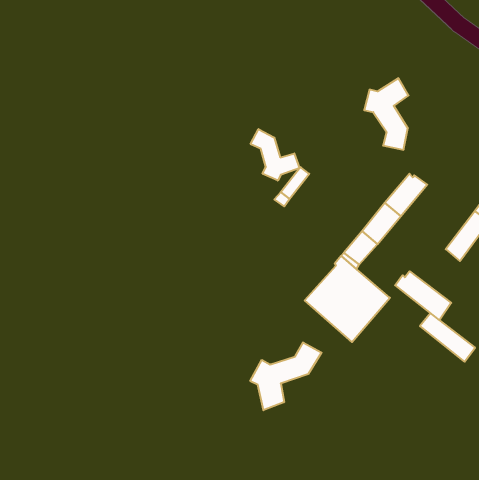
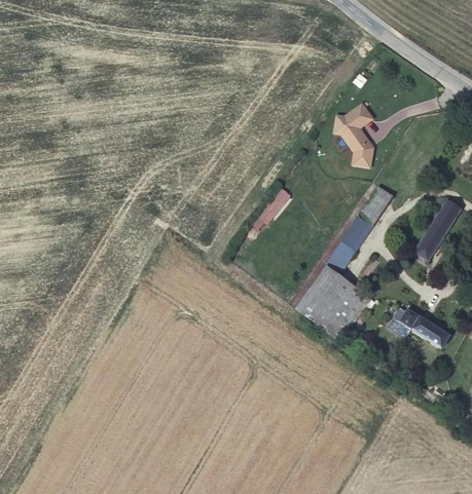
building: [251,129,300,181] -> none
building: [395,271,451,320] -> none
building: [250,342,322,410] -> none

